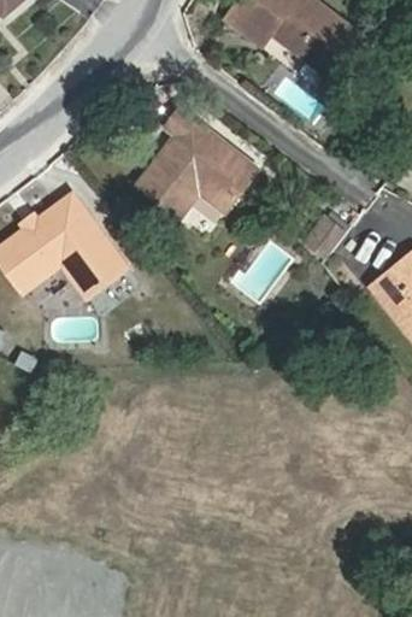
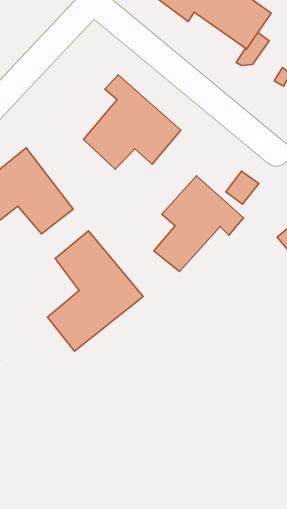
building: none -> [154,176,244,271]
building: none -> [47,231,143,351]

